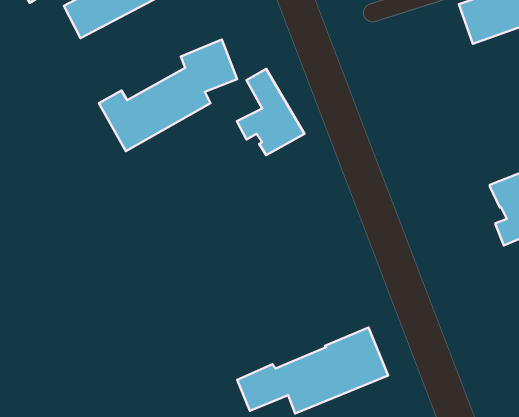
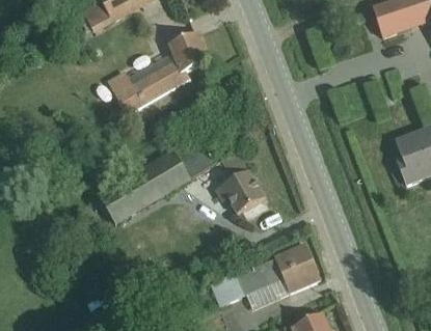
building: [237,69,304,155] -> [215,150,265,214]
building: none -> [98,144,217,228]

